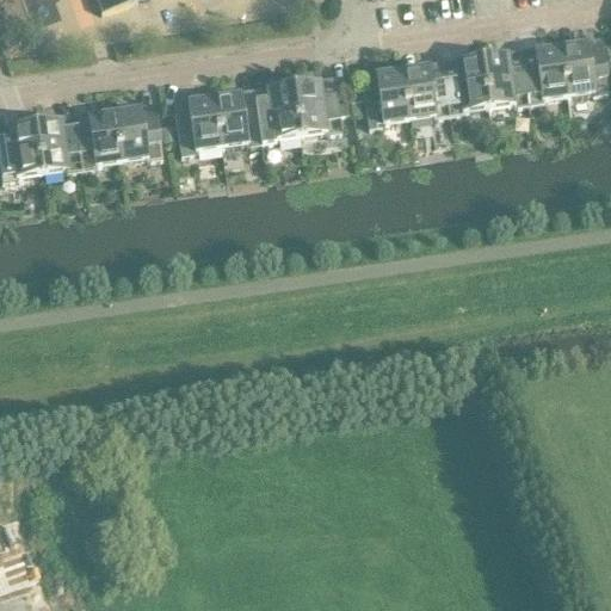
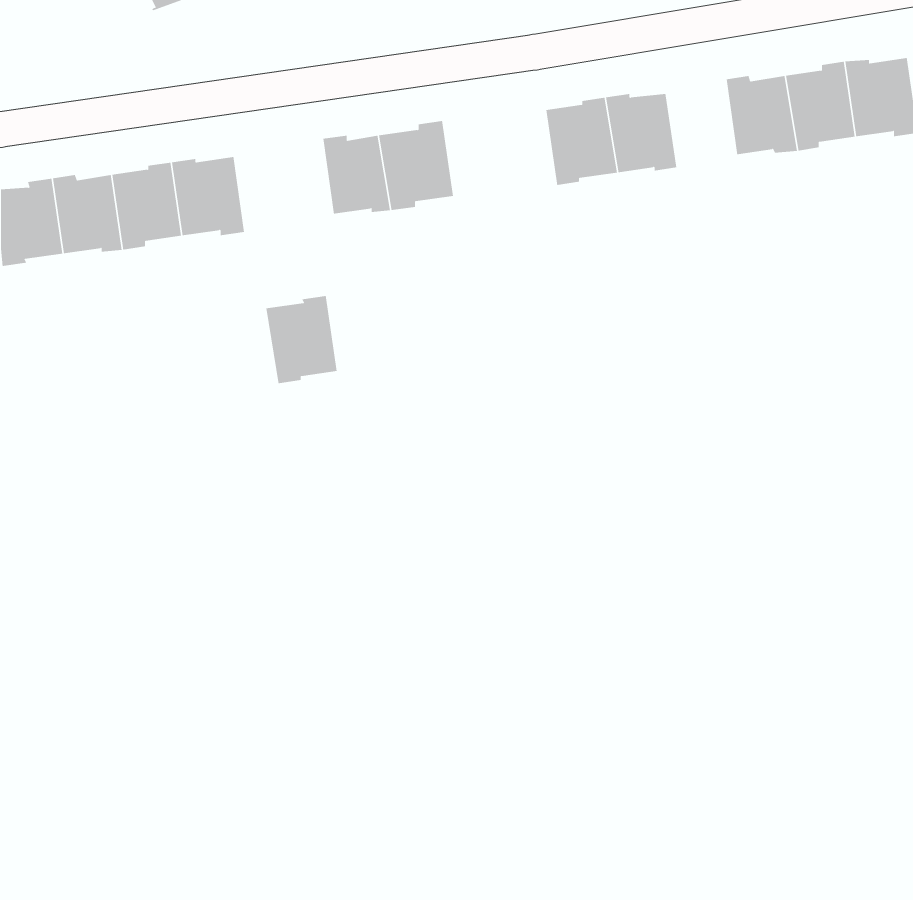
building: [446,53,493,111] -> none
building: [298,78,346,130] -> none
building: [178,92,226,150] -> [265,296,337,384]

